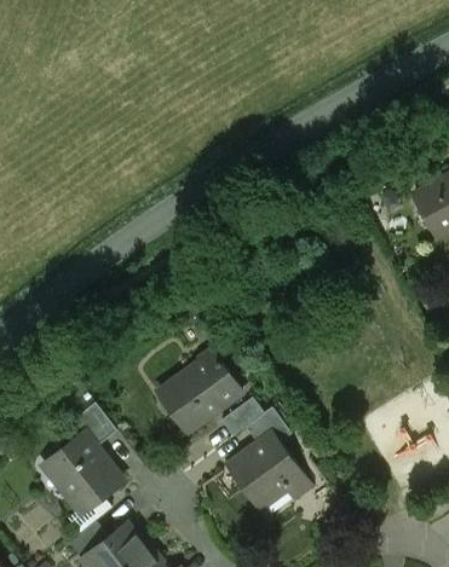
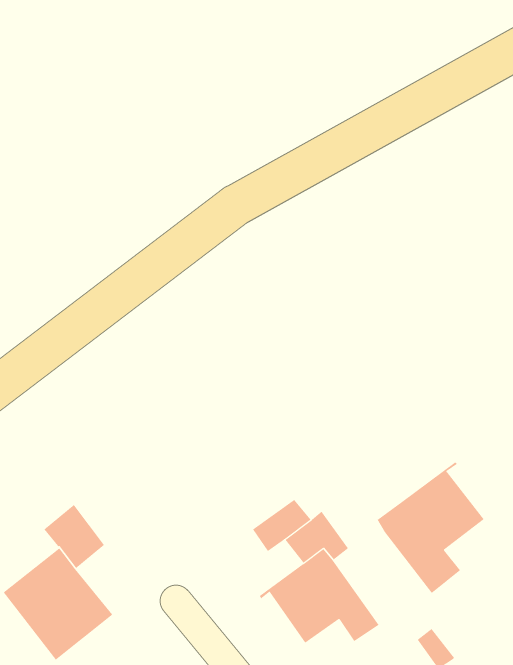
building: [157,349,242,432] -> none
building: none -> [377,462,485,594]

